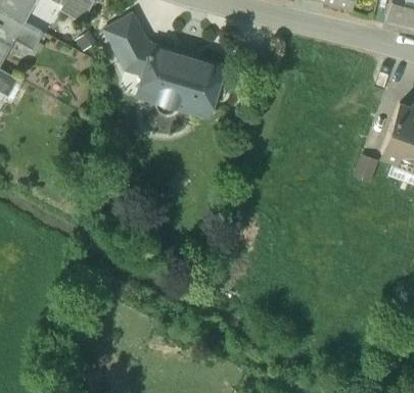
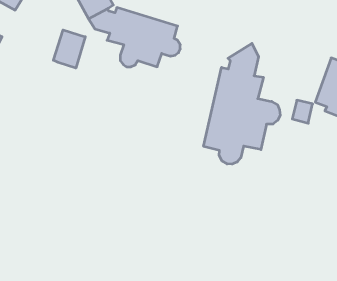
building: none -> [53,30,85,68]
building: none -> [204,43,280,164]

